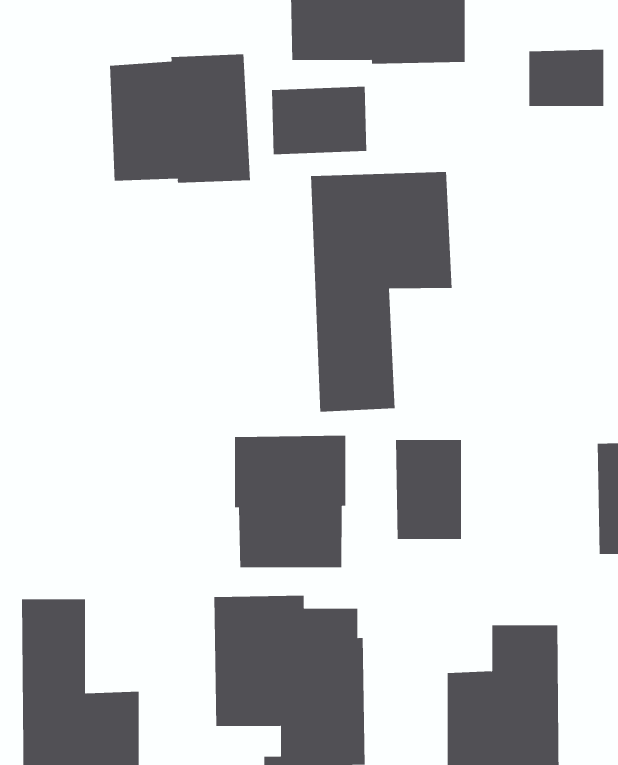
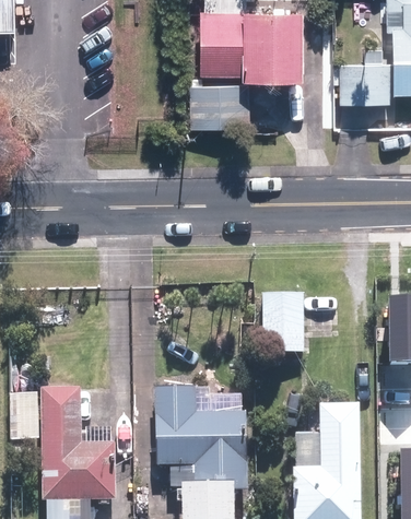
building: [110,54,250,184] -> none
building: [311,171,452,413] -> none
building: [235,435,346,568] -> none

